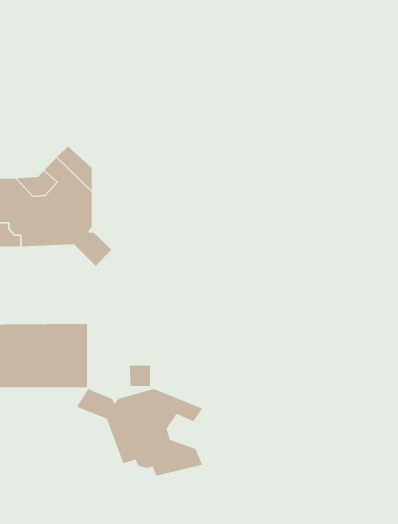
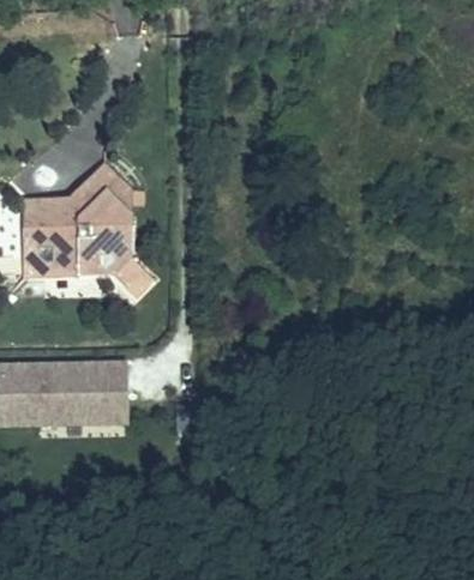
building: [76,388,203,476] -> none

